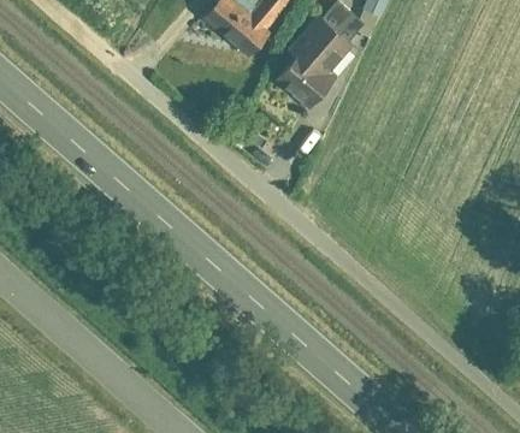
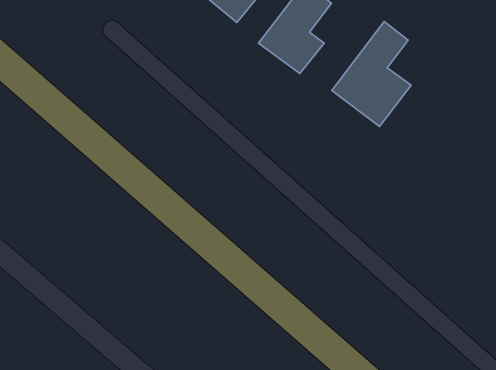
building: none -> [332,22,411,126]

